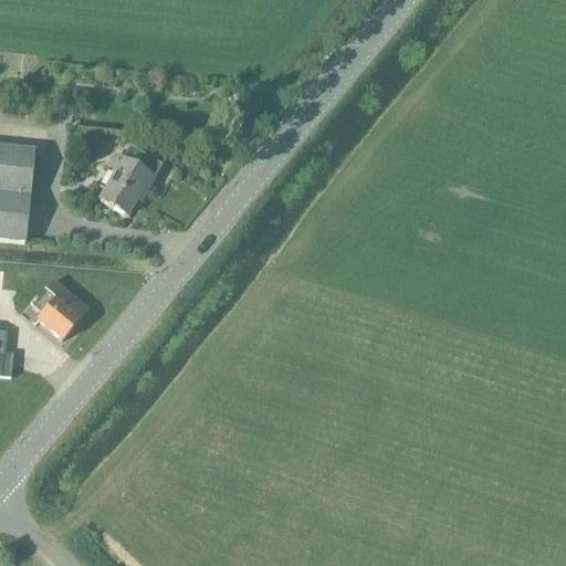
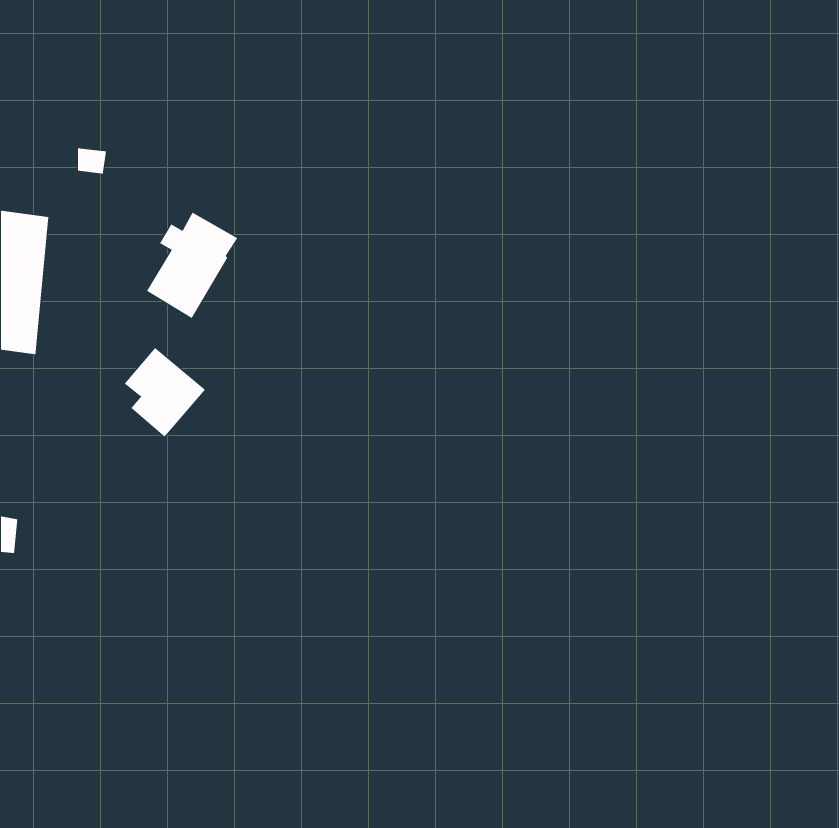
building: [34,280,90,340] -> [124,347,206,438]

